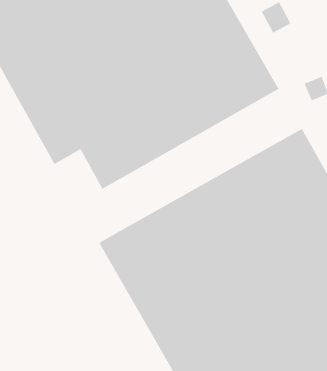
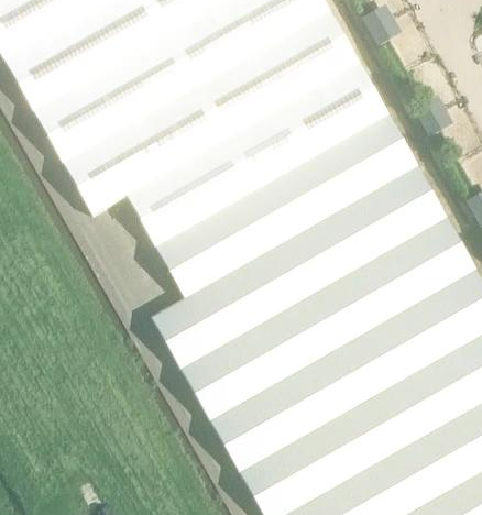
building: none -> [158,118,420,302]

